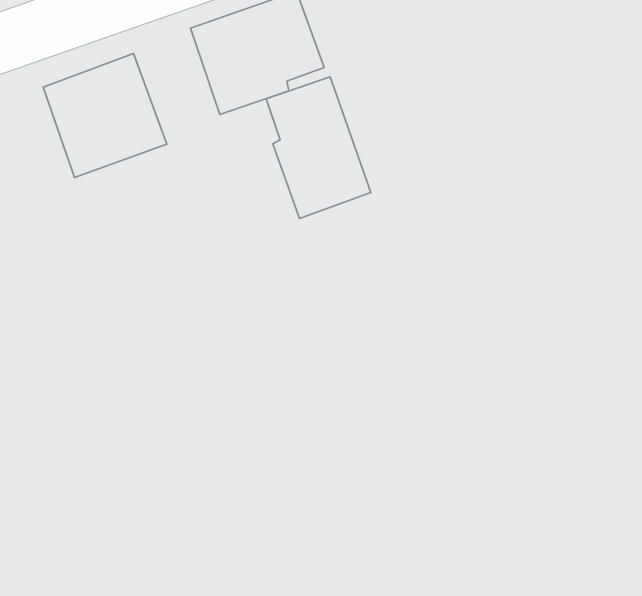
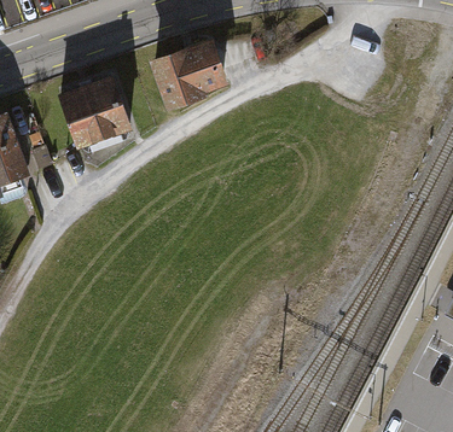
building: [266,77,371,219] -> none

